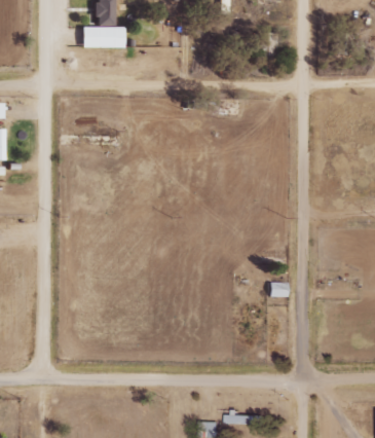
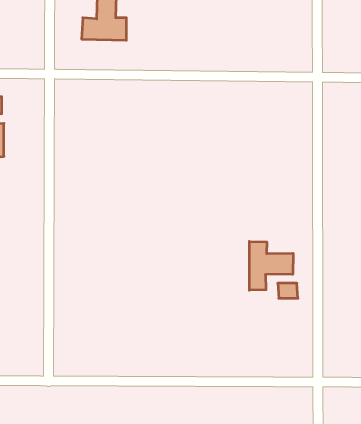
building: none -> [249,241,293,290]

